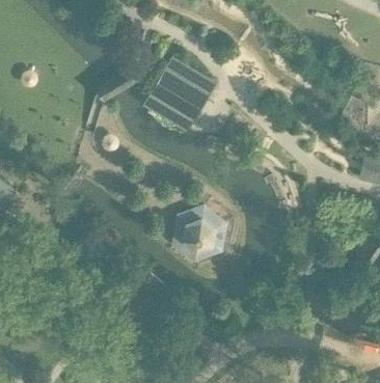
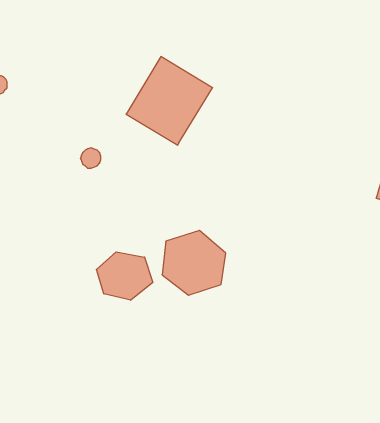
building: none -> [96,252,153,300]

